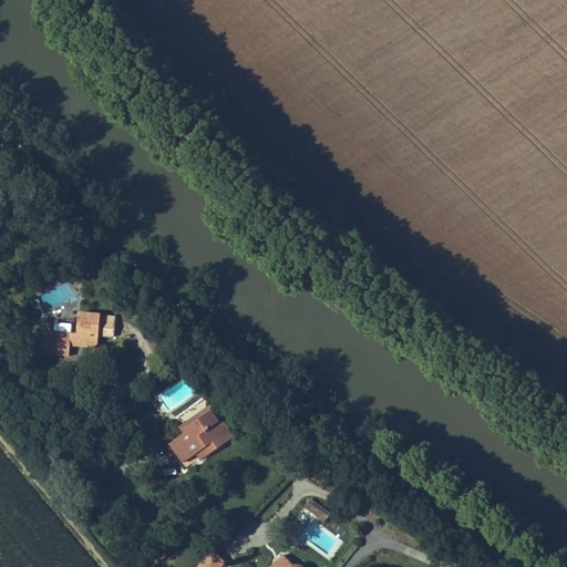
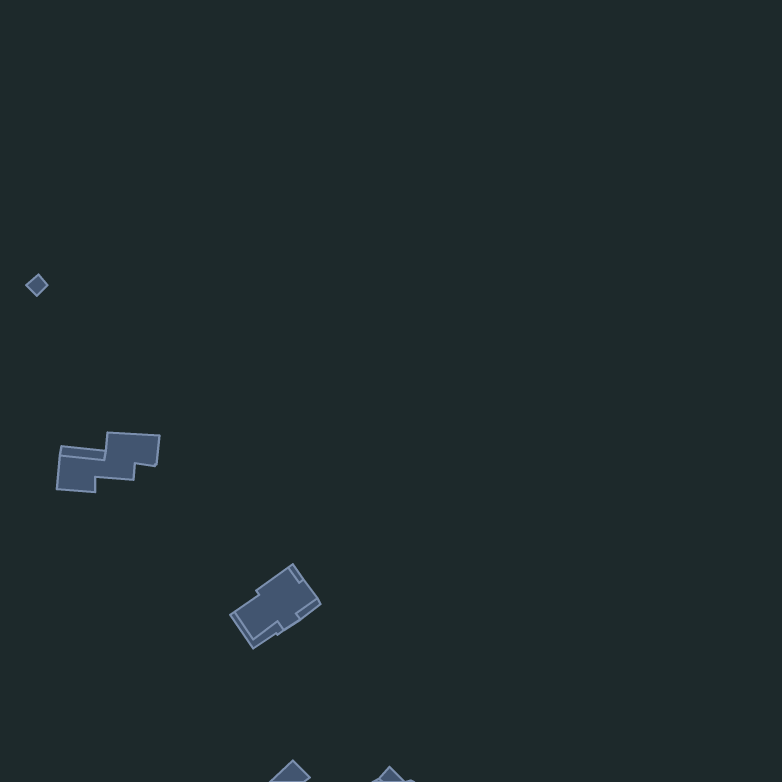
building: [299,497,330,527] -> none

